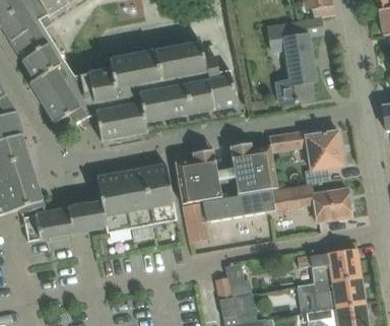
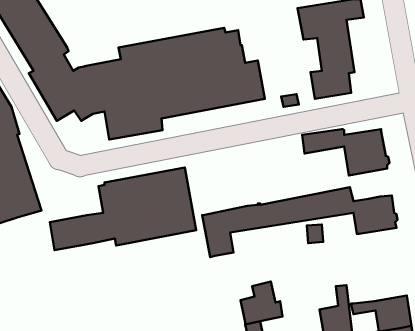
building: [230,142,277,195] -> none
building: [175,149,221,204] -> none
building: [23,212,53,242] -> none
building: [298,249,361,283] -> none

